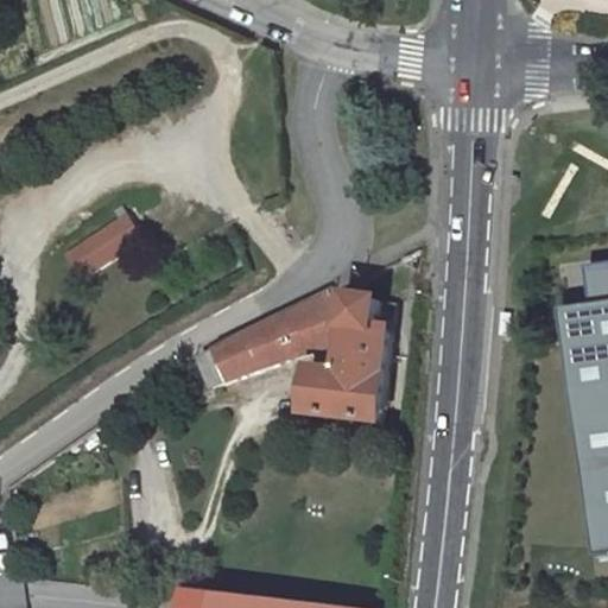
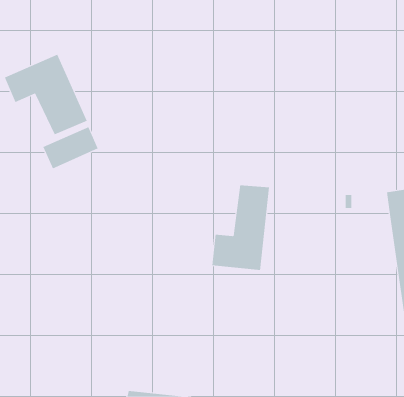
building: none -> [4,54,88,135]
building: [196,292,340,387] -> none

